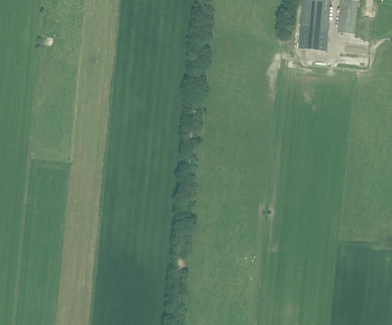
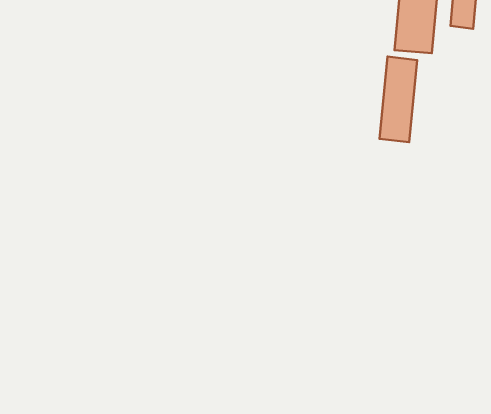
building: none -> [380,57,417,142]

